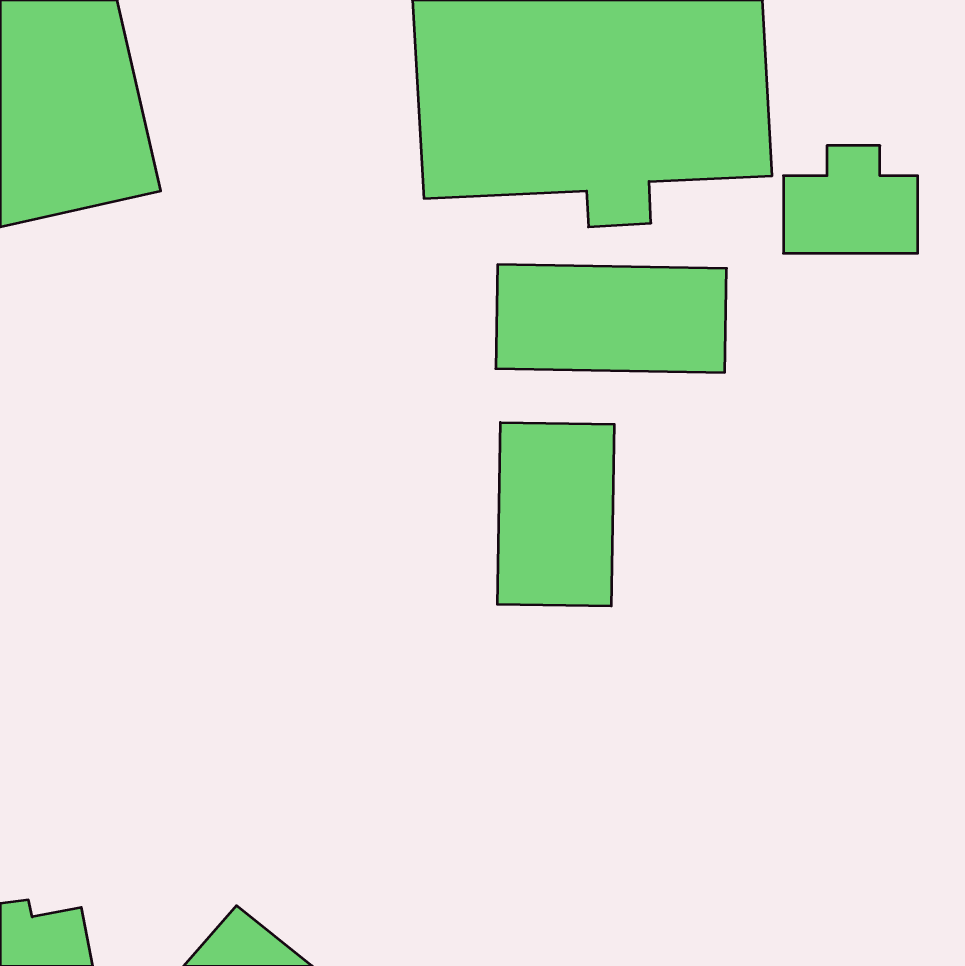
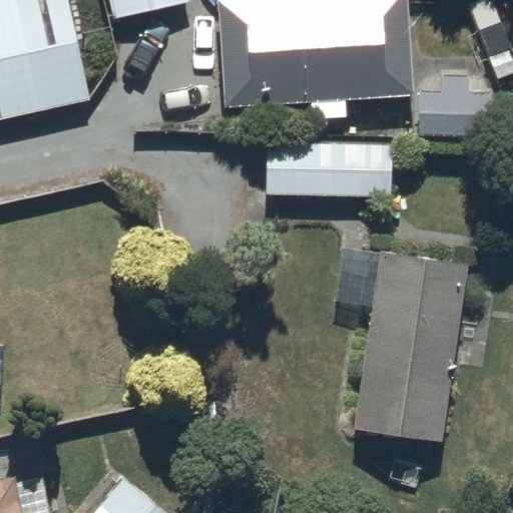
building: [497,422,614,606] -> none
building: none -> [334,248,466,438]

